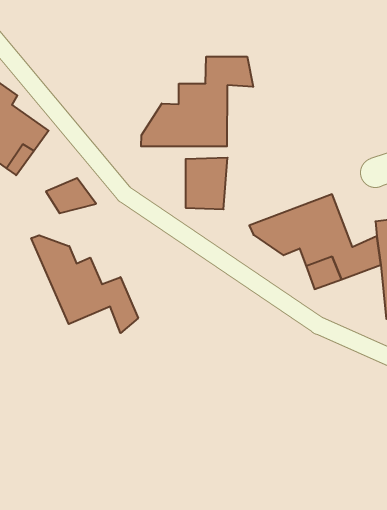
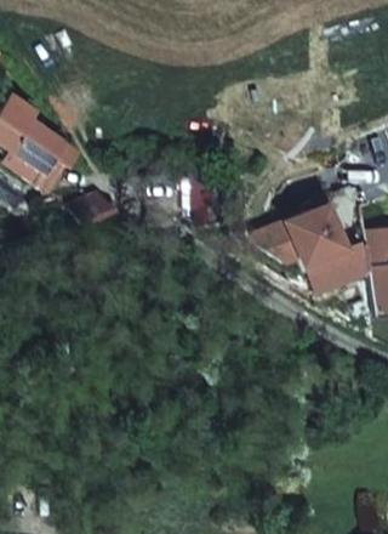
building: [141,57,253,146] -> none
building: [31,235,138,333] -> none

